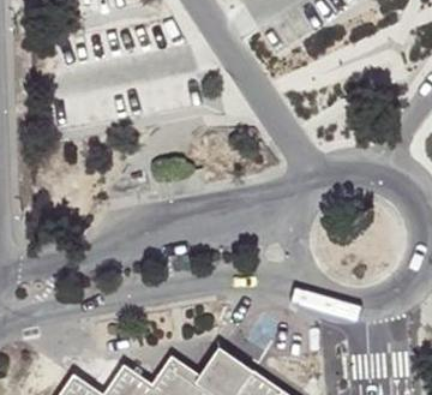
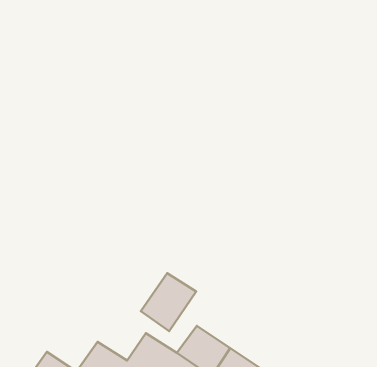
building: none -> [141,273,196,331]

